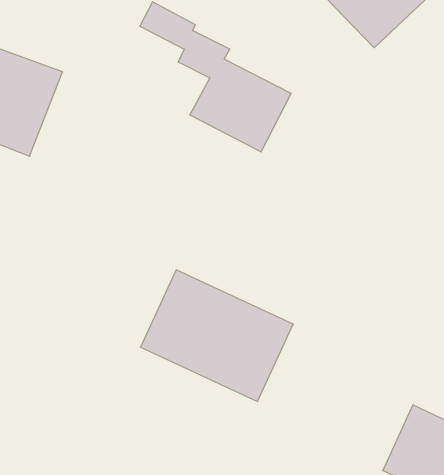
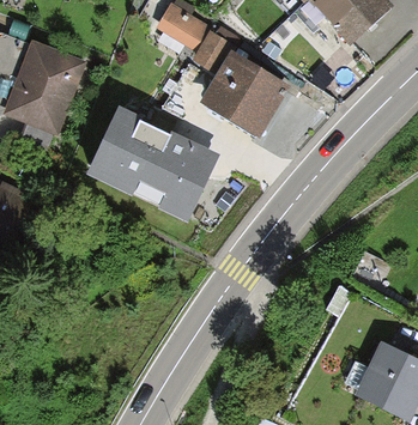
building: [140,270,293,401] -> [90,105,218,215]

